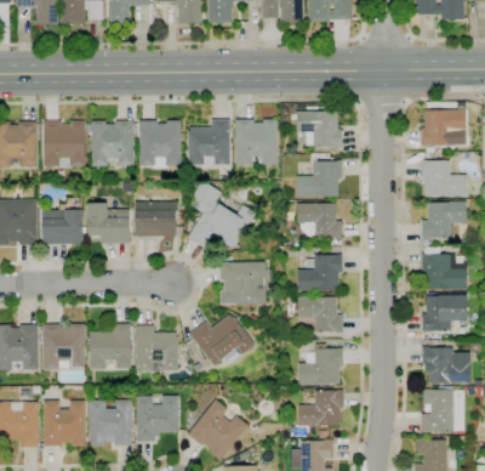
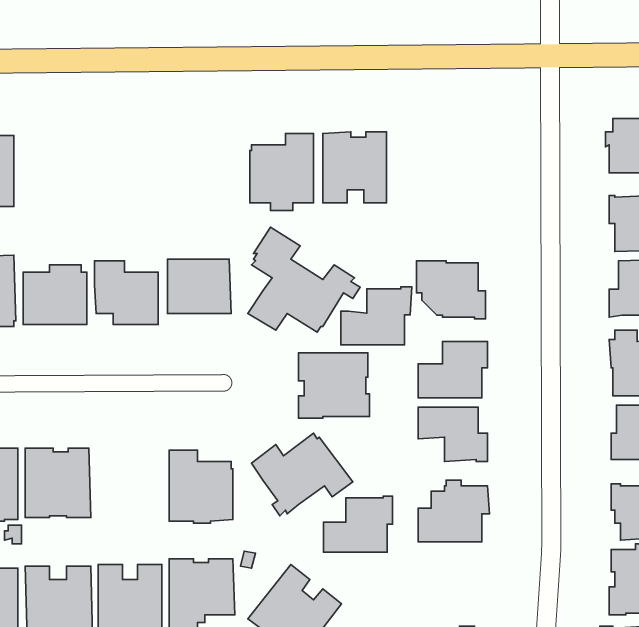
building: [296,112,341,147] -> none
building: [138,120,181,169] -> none
building: [42,121,85,170] -> none
building: [91,121,133,166] -> none
building: [296,160,342,198] -> [341,287,412,345]
building: [90,324,130,369] -> none
building: [298,390,343,426] -> [323,496,393,552]

